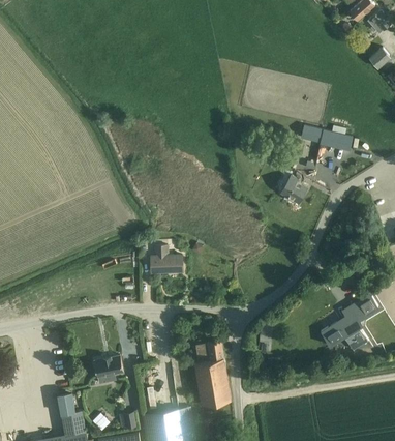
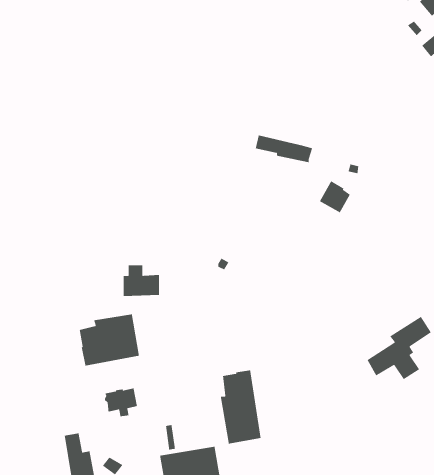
building: [302,126,353,151] -> [255,135,313,163]
building: [151,246,183,274] -> [123,265,160,297]
building: none -> [79,313,140,367]

